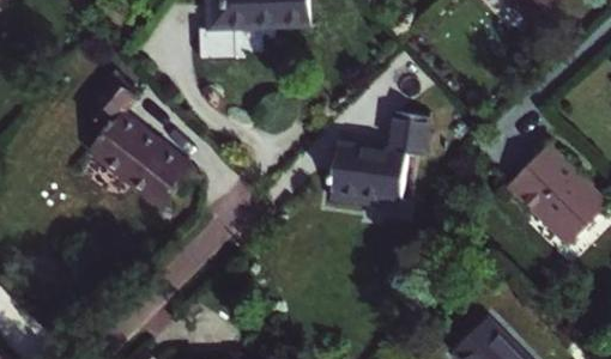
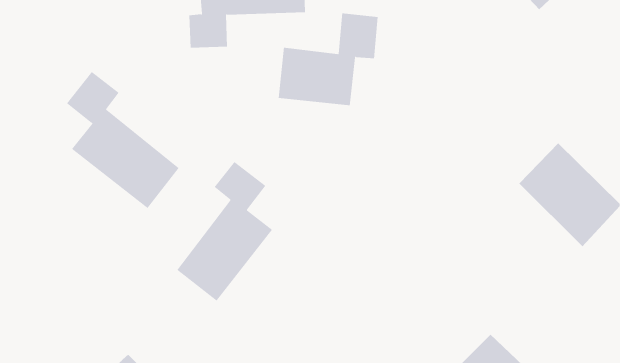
building: [339,110,434,197] -> [278,13,379,106]
building: none -> [177,161,273,301]

